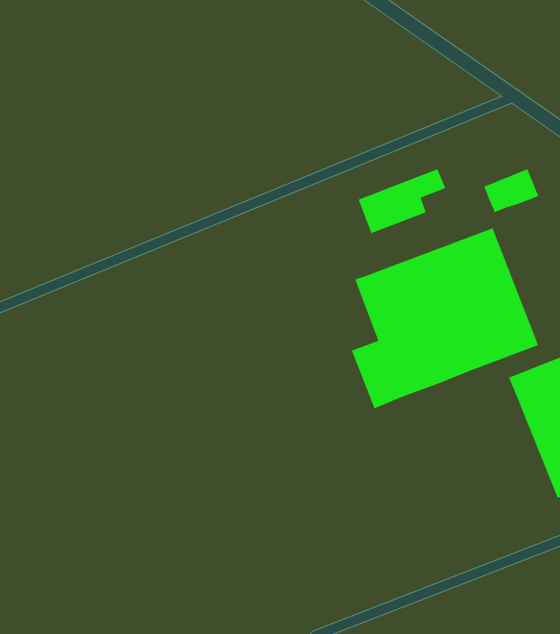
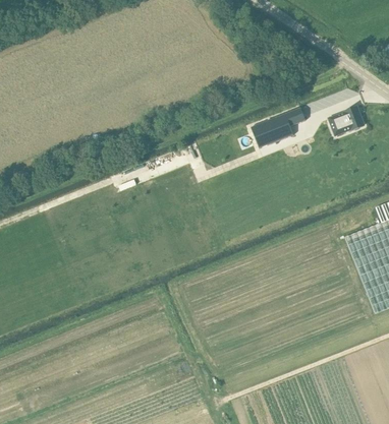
building: [351,227,539,409] -> none

